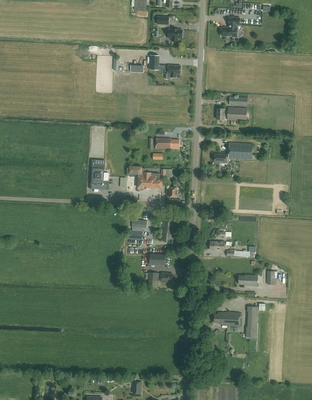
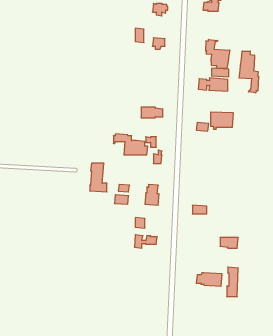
building: none -> [206,39,230,68]
building: none -> [239,51,258,93]
building: [89,159,107,189] -> [90,163,107,192]

